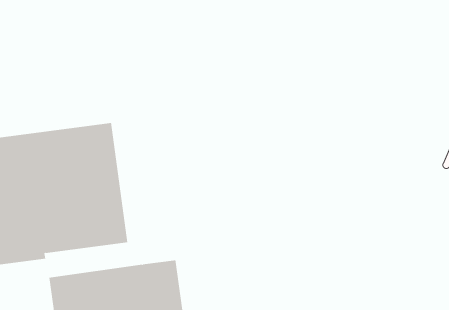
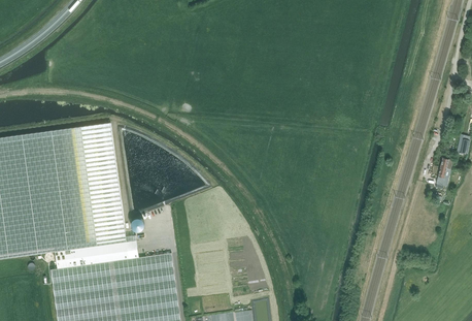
building: none -> [47,236,139,269]

